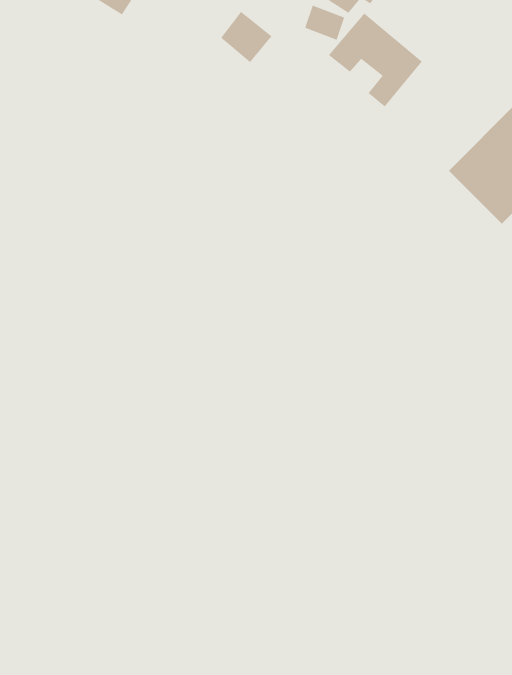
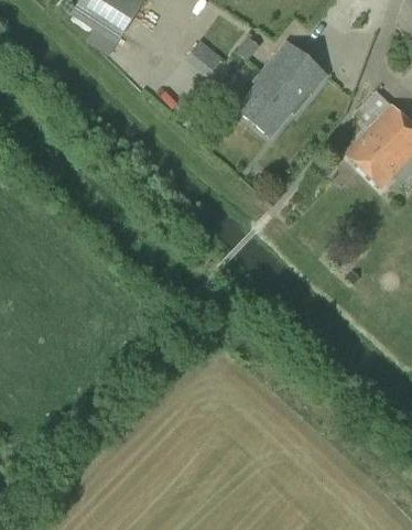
building: none -> [236,67,301,133]

